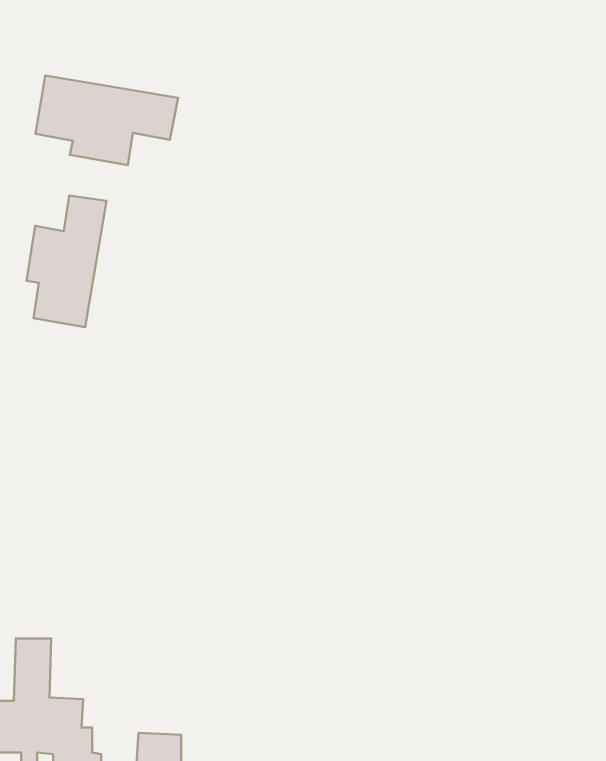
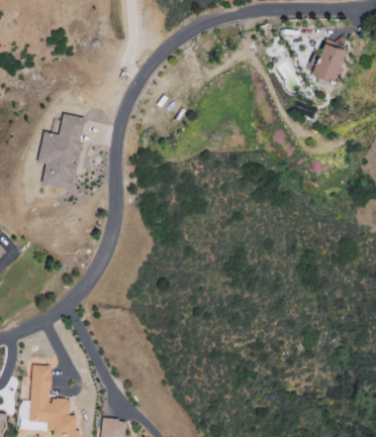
building: none -> [311,39,350,84]
building: [35,75,178,165] -> none

